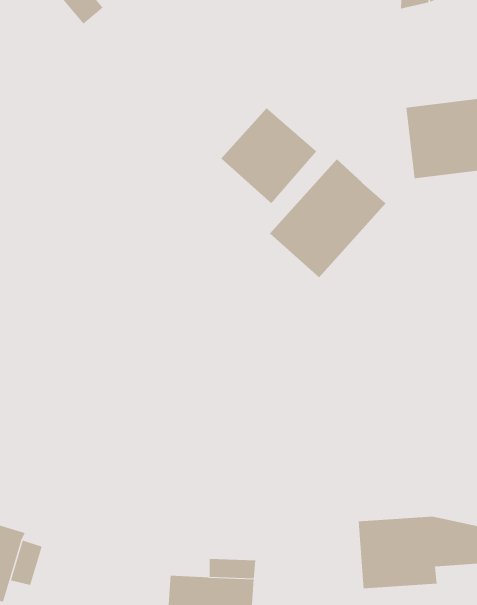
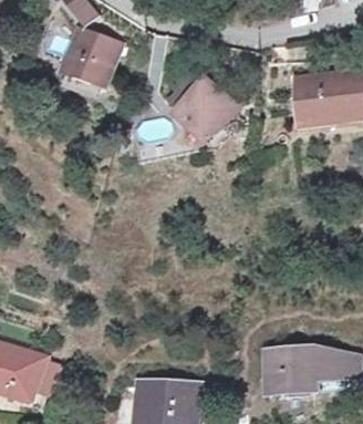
building: none -> [63,29,116,92]
building: [269,159,387,278] -> none

